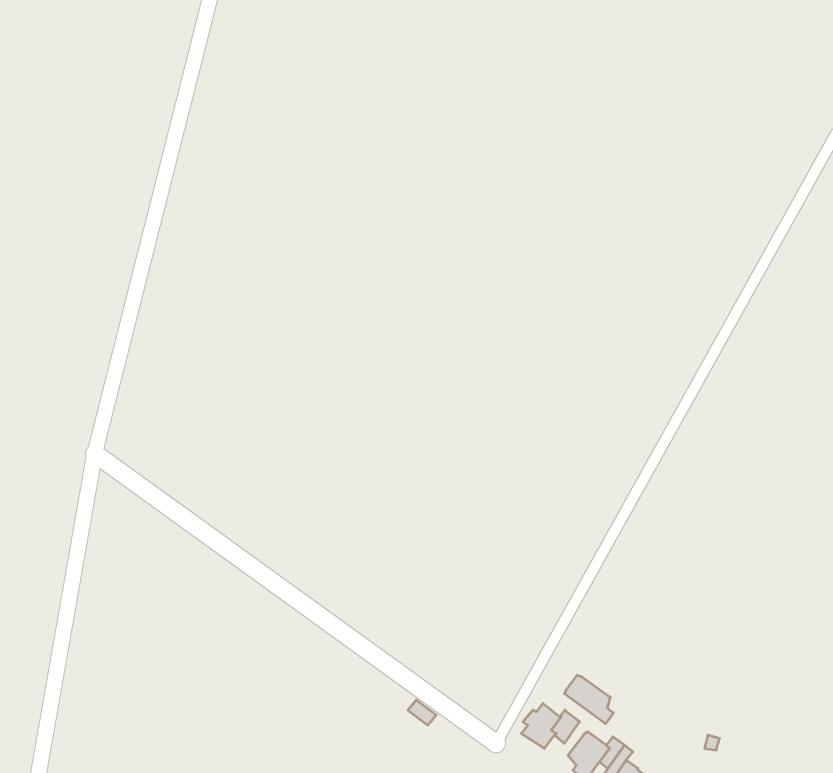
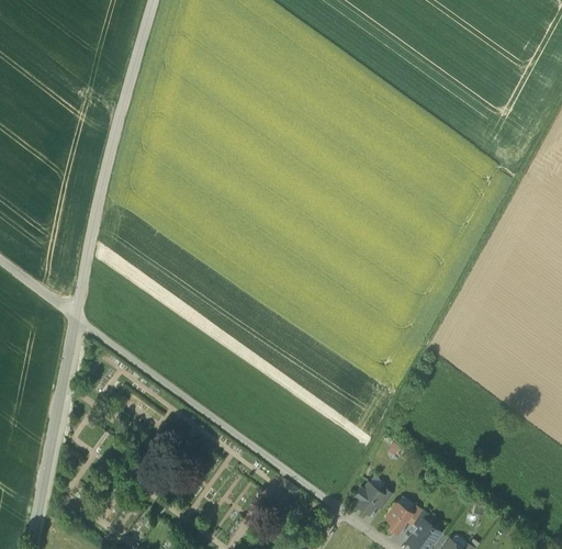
building: [564,675,613,724] -> none

